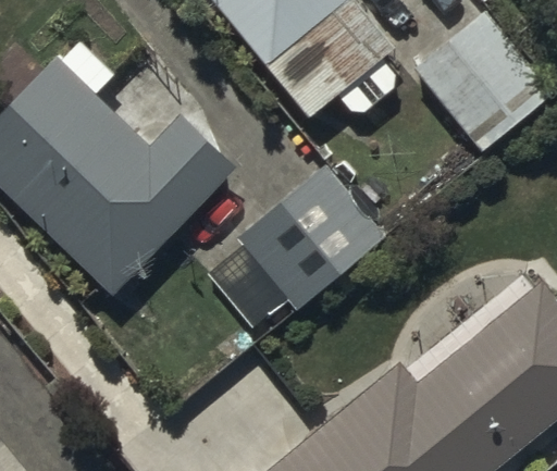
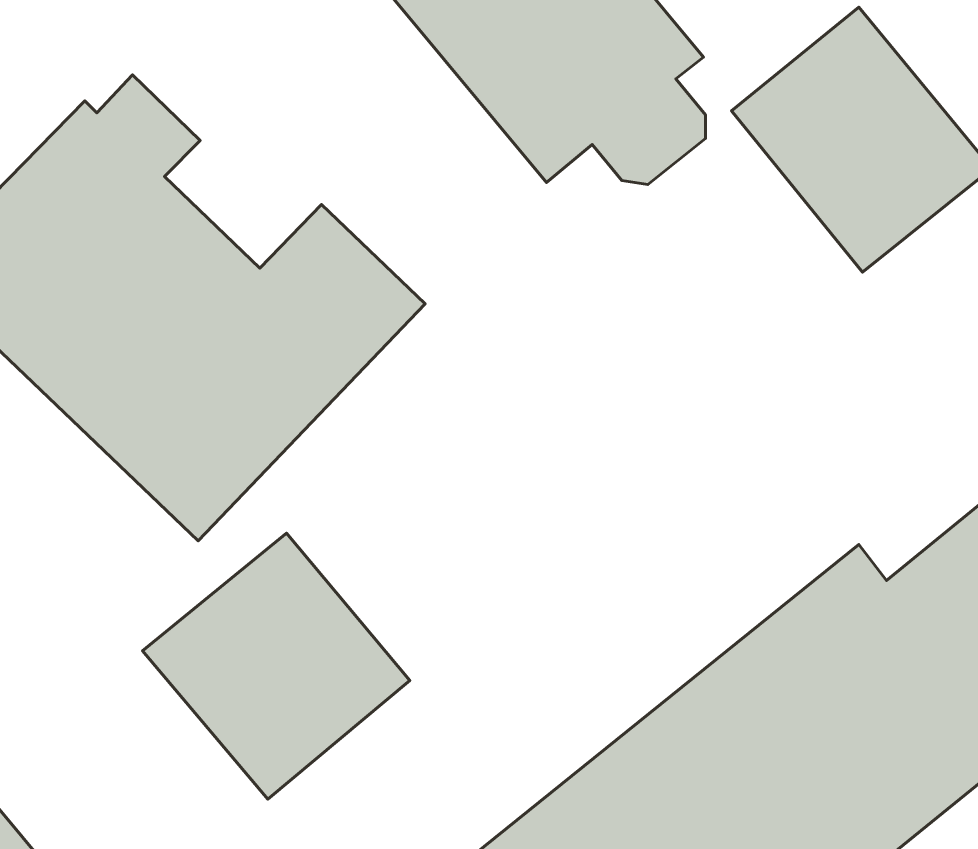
building: [199,154,383,335] -> none
building: none -> [143,533,410,799]

